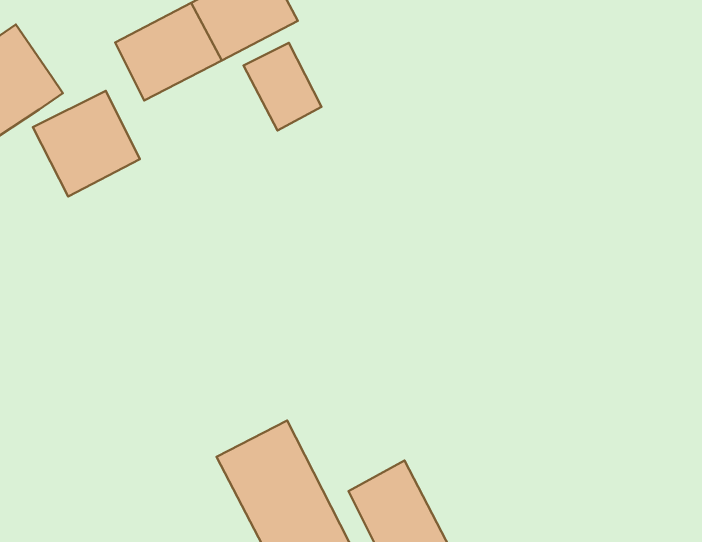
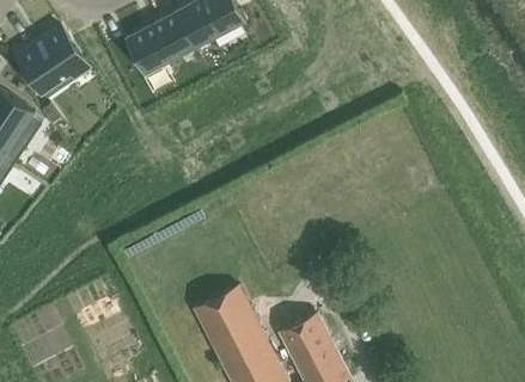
building: [243,43,322,130] -> none
building: [33,91,140,196] -> none

